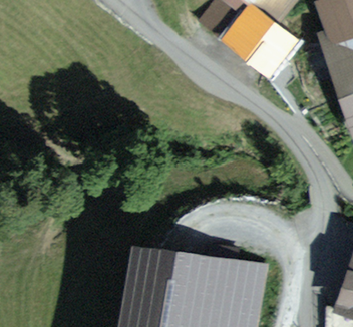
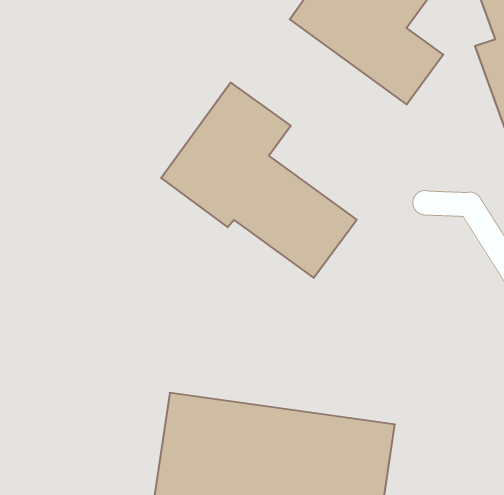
building: none -> [161,82,357,278]

